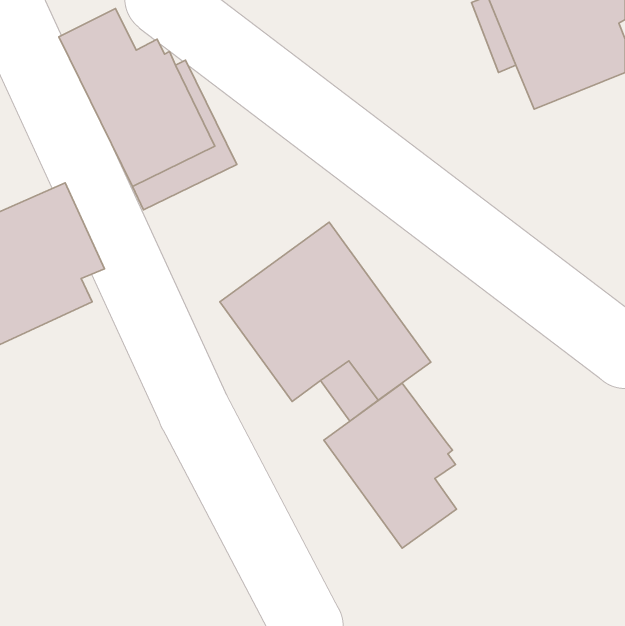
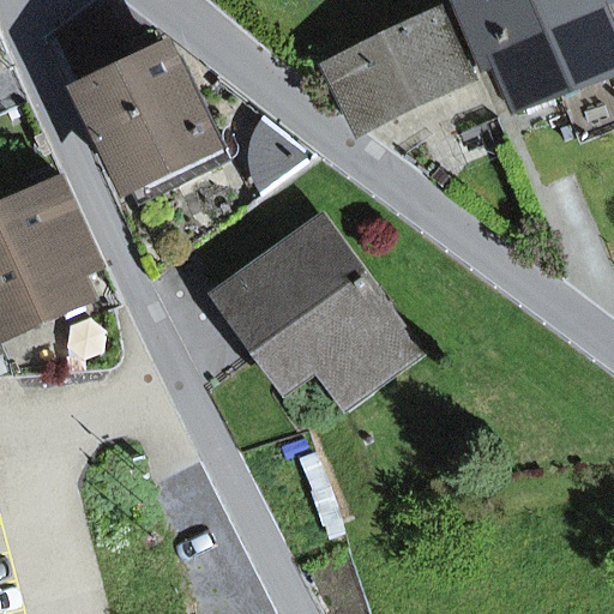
building: none -> [325,14,464,125]
building: [324,383,457,548] -> none

